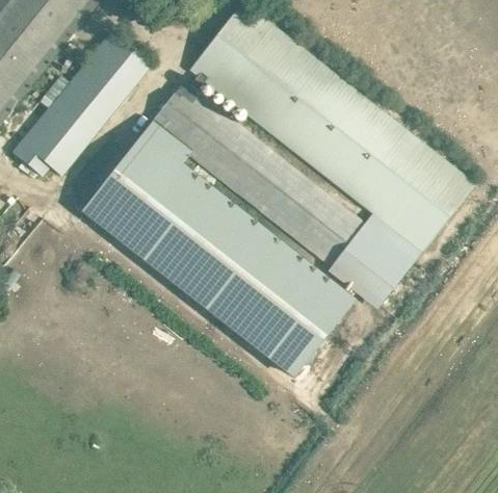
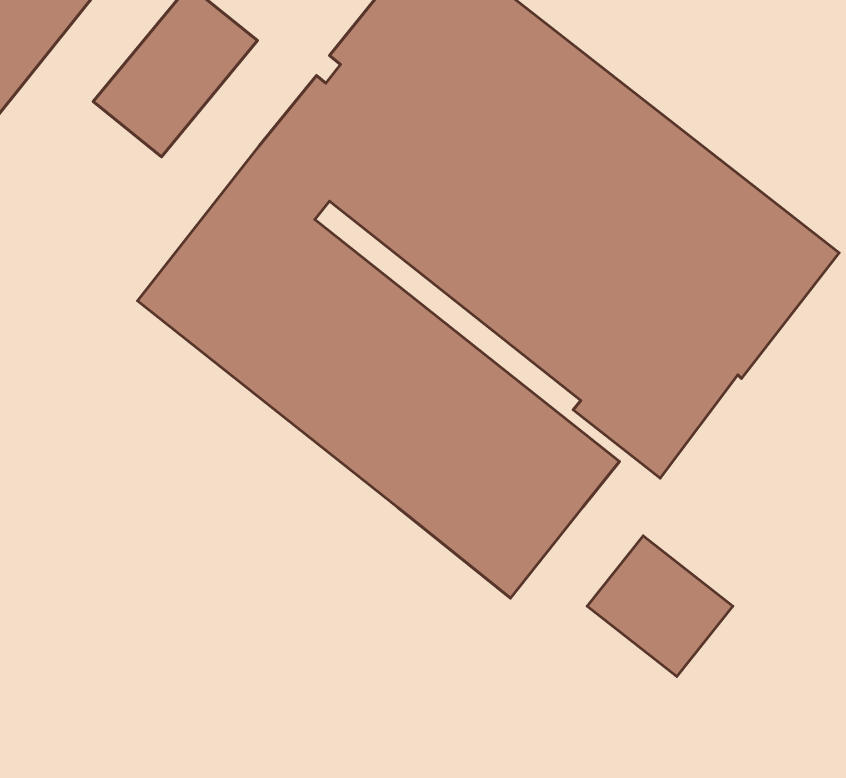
building: [11,98,95,177] -> none
building: none -> [587,536,733,677]

